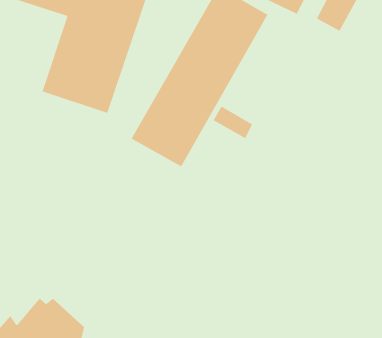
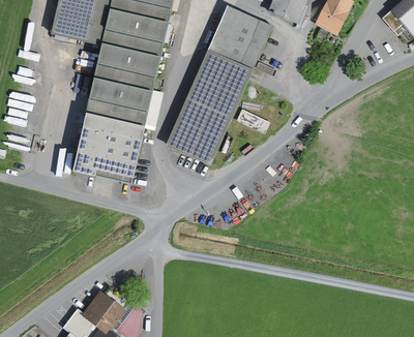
building: none -> [71,112,144,177]

